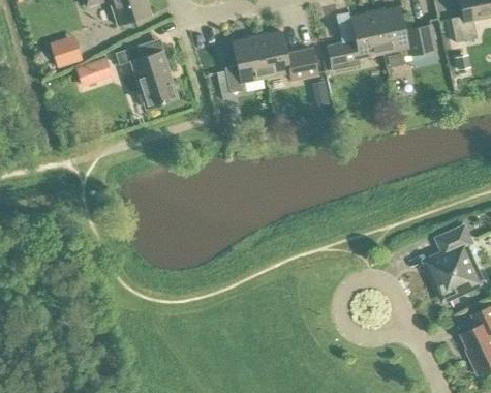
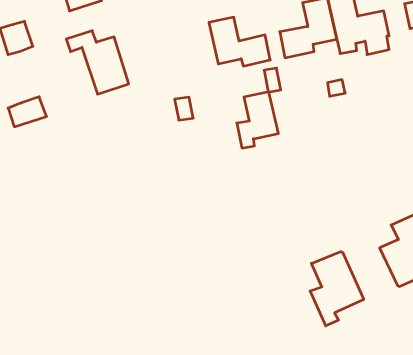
building: [224,36,266,92] -> [237,92,278,148]
building: [74,57,113,87] -> [8,97,47,127]
building: none -> [310,252,364,326]

